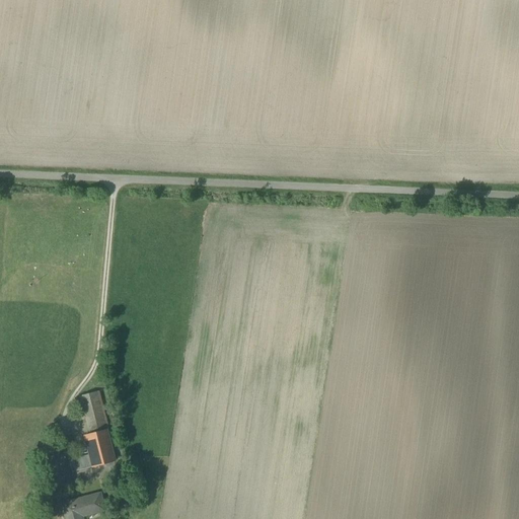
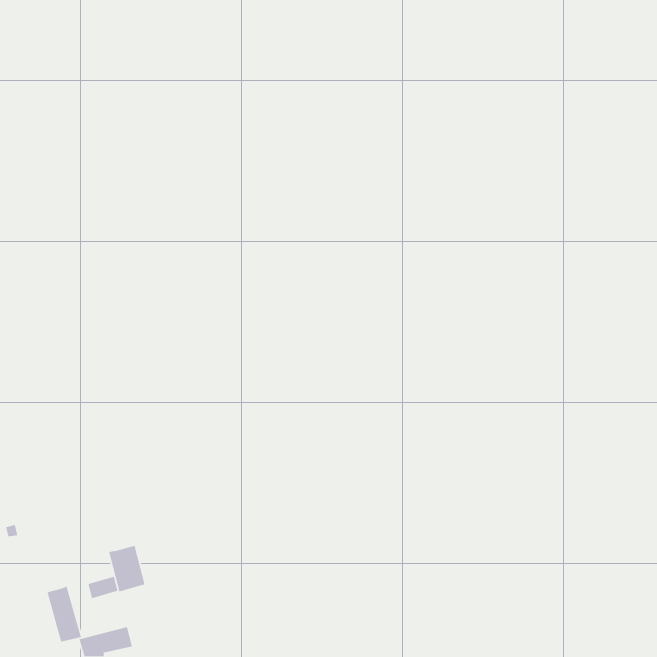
building: [82,390,107,433] -> none
building: none -> [46,585,82,642]

